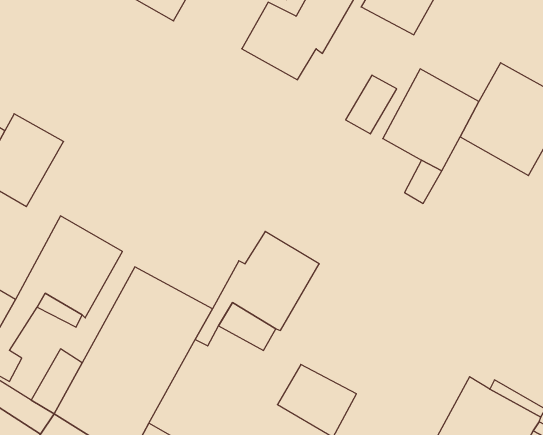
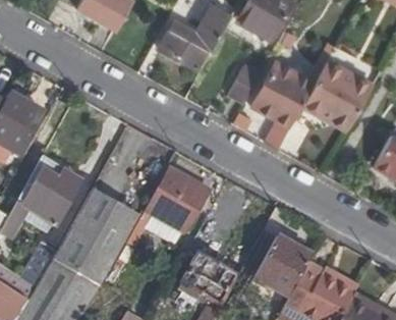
building: none -> [257,233,315,296]

